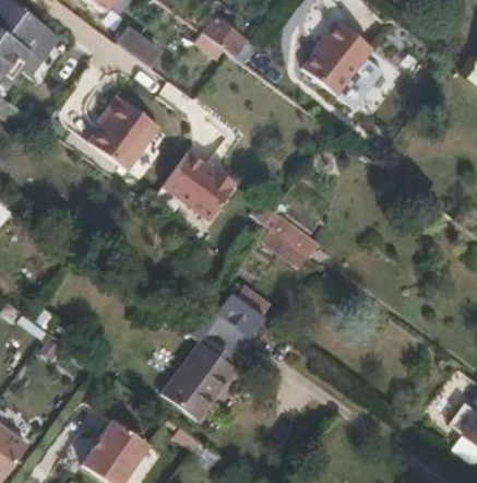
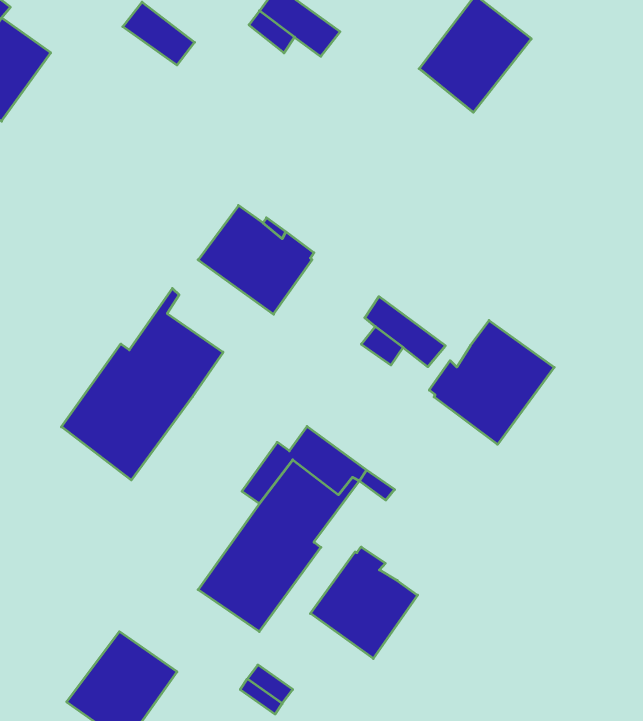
building: [88,95,159,168] -> none
building: none -> [61,288,223,480]
building: none -> [429,320,554,444]
building: none -> [310,547,418,659]

